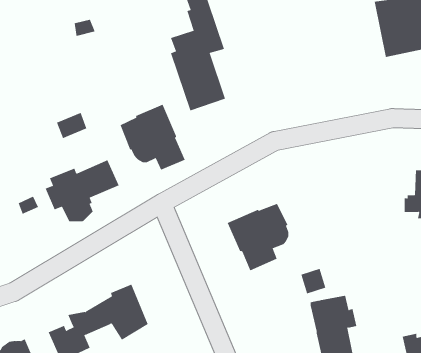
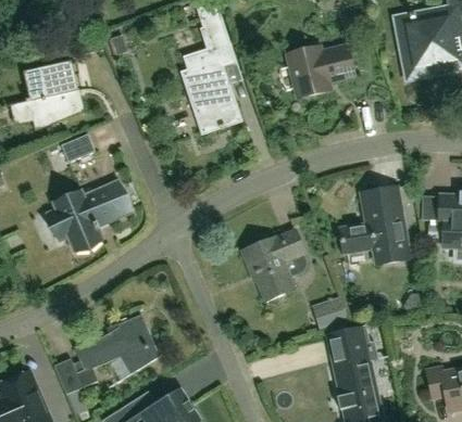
building: none -> [287,43,354,99]
building: none -> [12,61,83,130]
building: [120,104,185,170] -> none
building: none -> [339,187,410,265]

